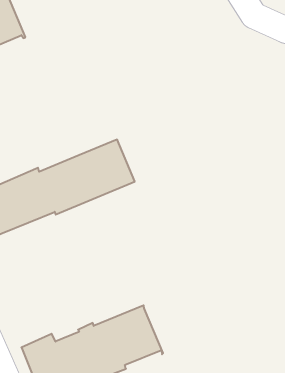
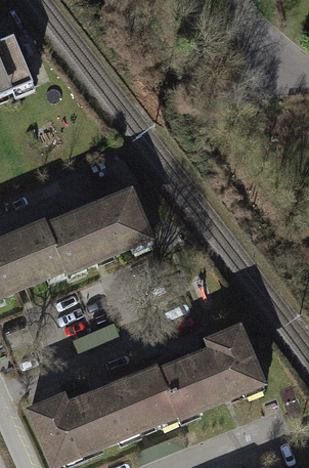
building: none -> [159,327,262,416]

